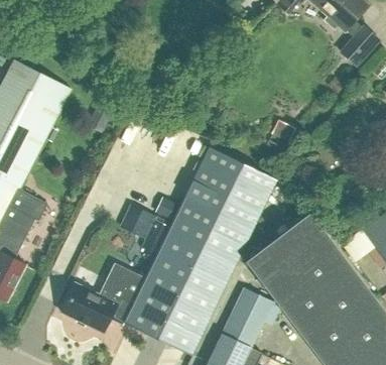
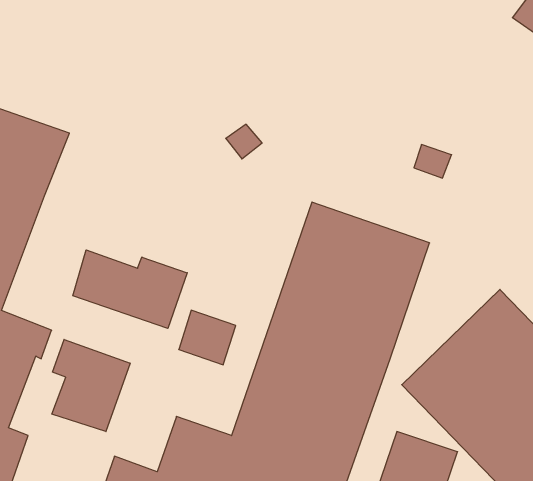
building: none -> [73,250,187,328]
building: none -> [52,339,130,432]

